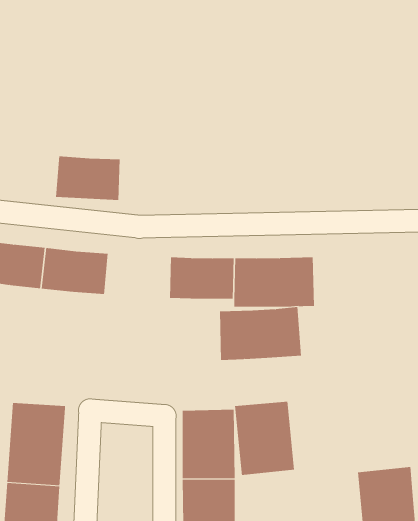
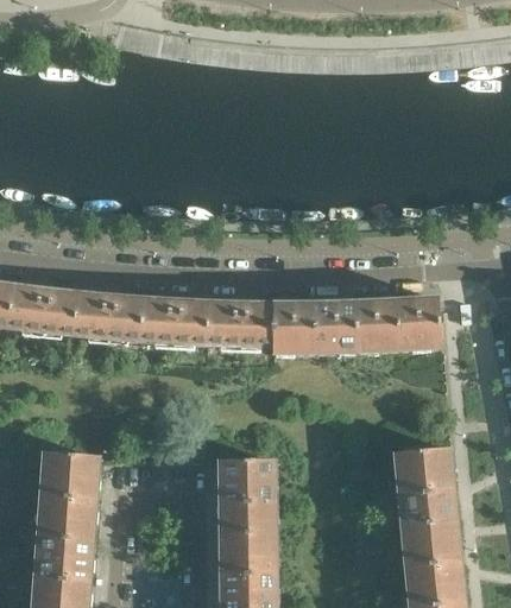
building: [55,156,120,201] -> [139,297,207,343]
building: [219,307,302,360] -> [355,296,441,352]
building: [234,401,295,476] -> [393,446,456,524]

